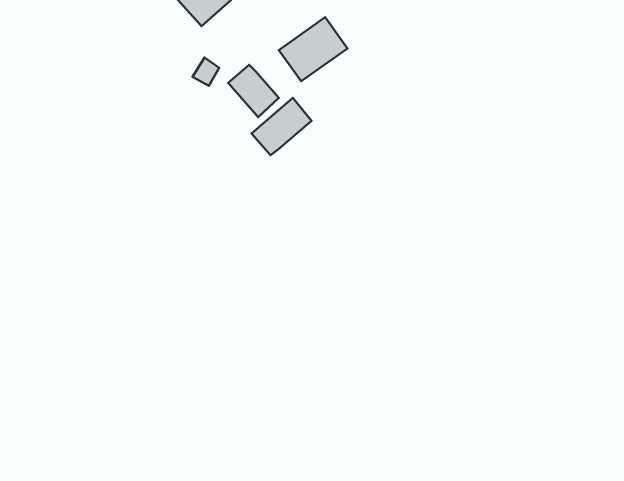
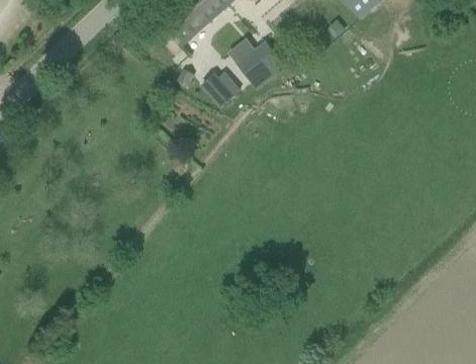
building: [251,98,311,155] -> none

